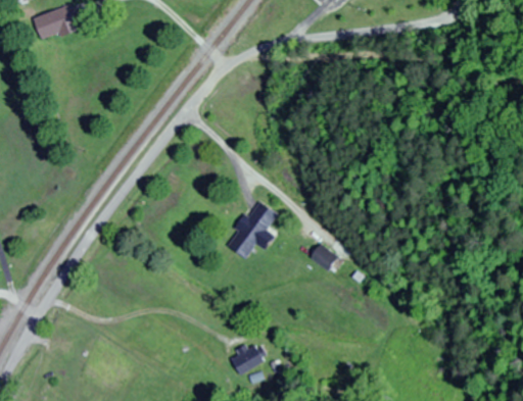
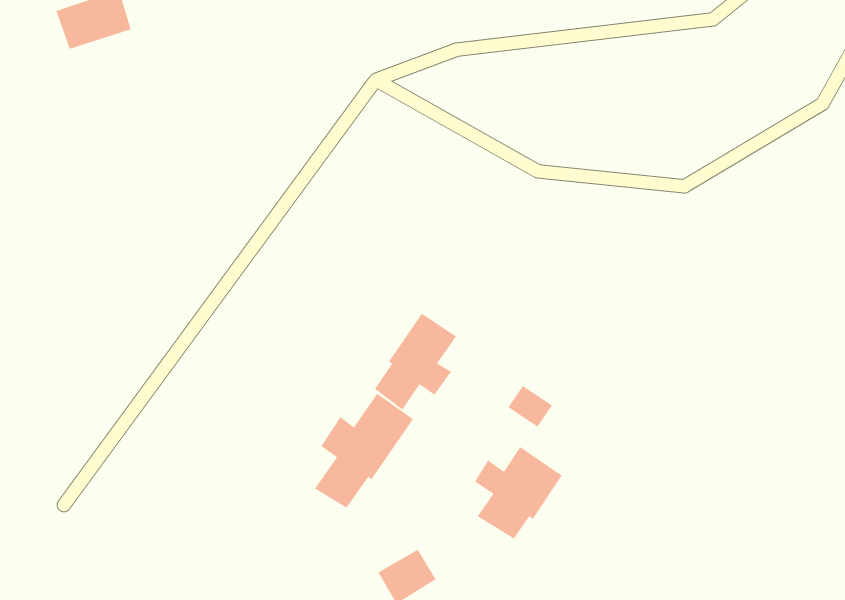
building: none -> [314,393,414,508]
building: none -> [474,446,563,539]

